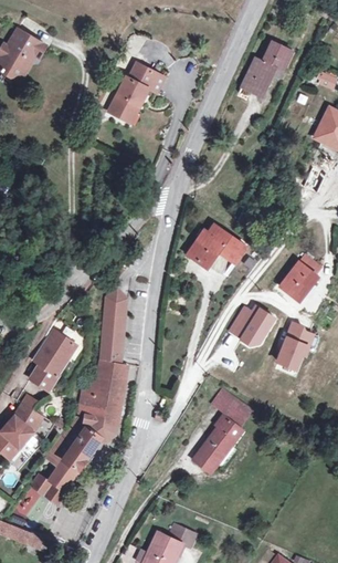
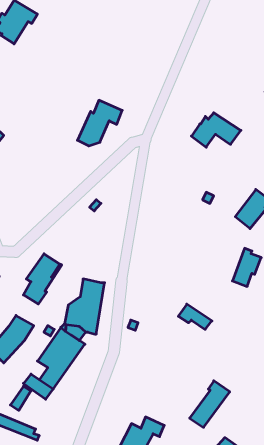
building: [243,42,293,91] -> none
building: [110,64,163,118] -> [77,100,122,146]
building: [189,226,247,267] -> [191,113,241,147]
building: [99,290,122,365] -> none
building: [229,307,272,346] -> none
building: [193,416,241,471] -> [190,381,230,427]

